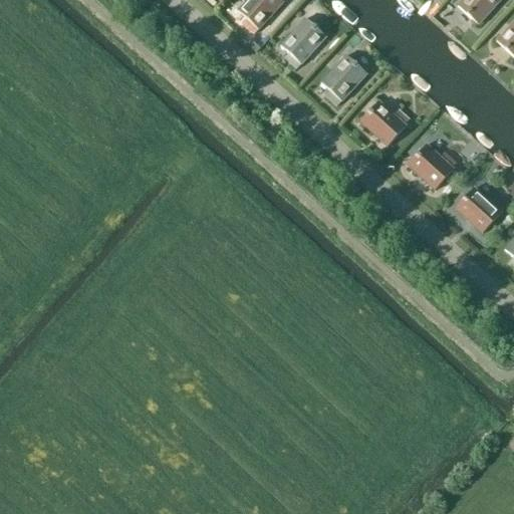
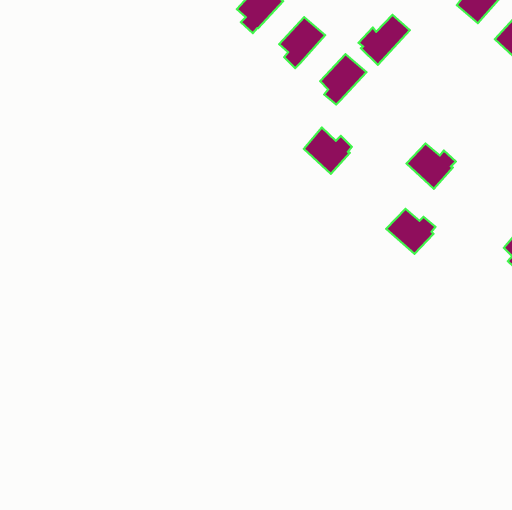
building: none -> [359,15,410,65]
building: [360,99,409,146] -> [304,128,352,174]
building: [455,187,504,232] -> [386,209,435,254]

